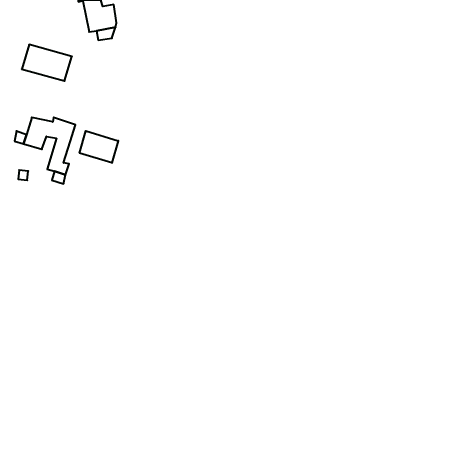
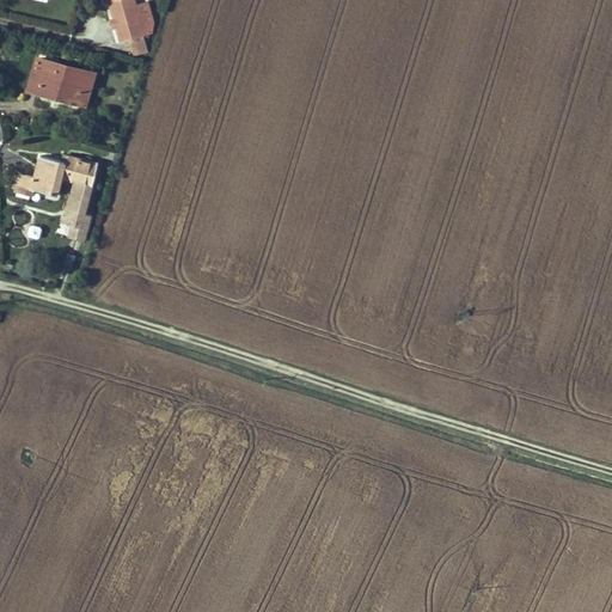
building: [80,131,118,163] -> none

